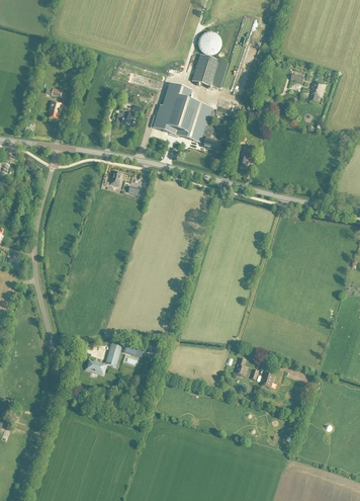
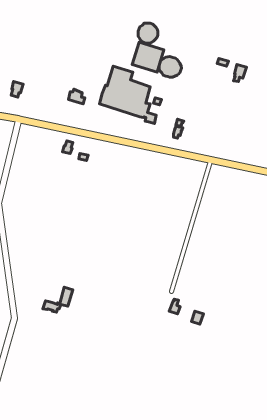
building: none -> [159,57,181,77]

